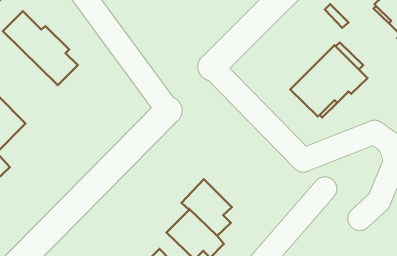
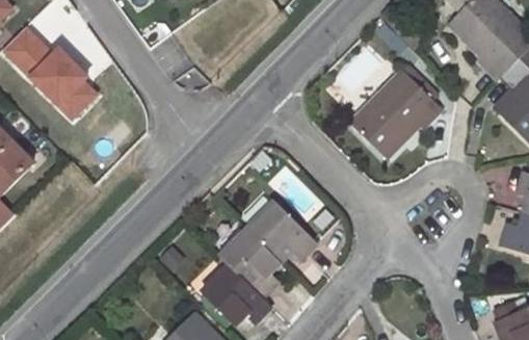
building: none -> [246,201,316,262]

